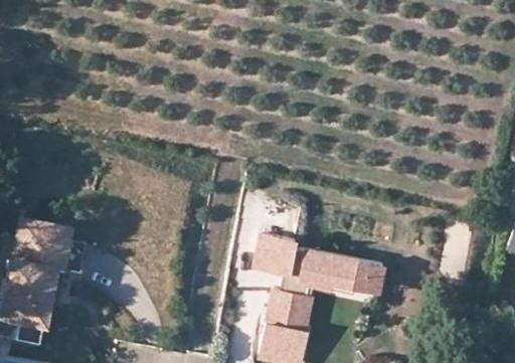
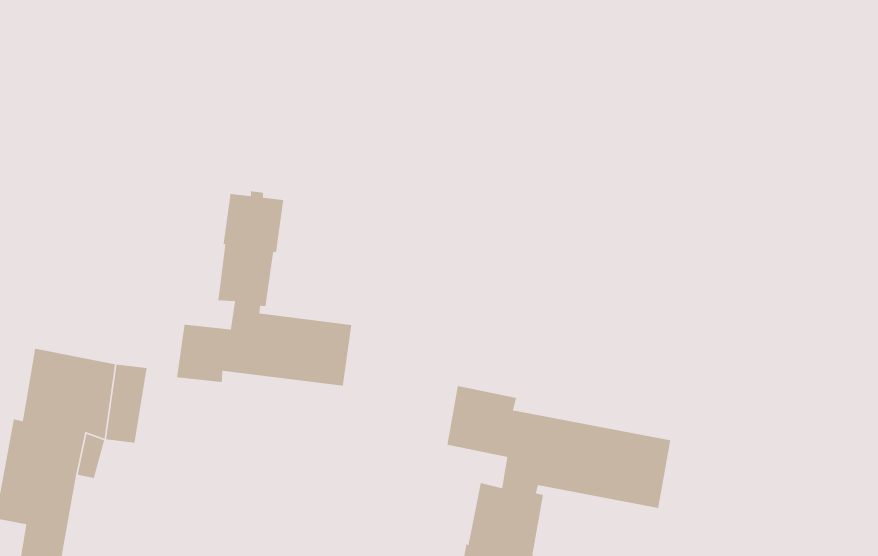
building: none -> [176,191,352,387]

